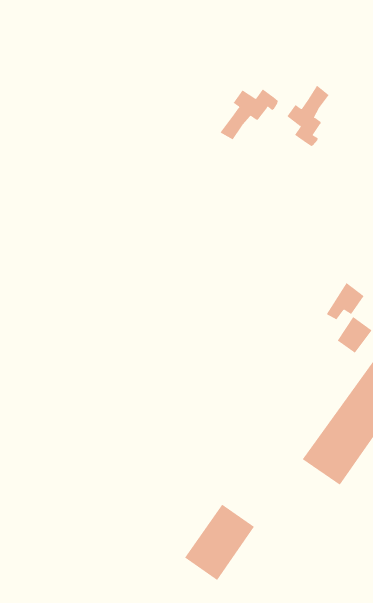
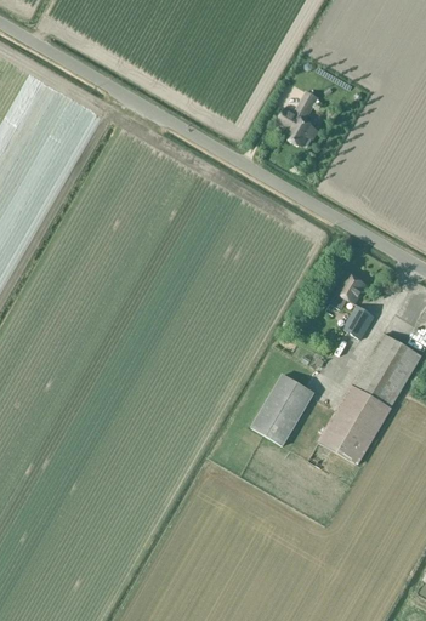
building: [220,89,278,140] -> none
building: [184,504,255,581] -> [251,372,316,445]

